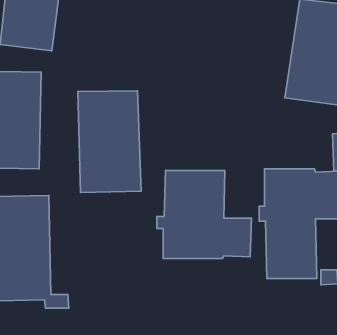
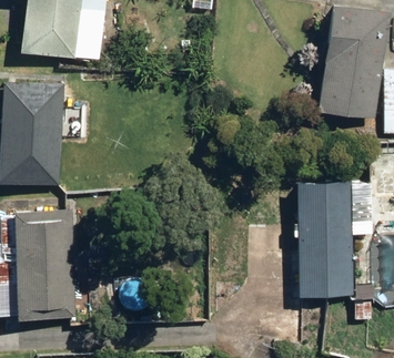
building: [78,91,141,193] -> none
building: [157,170,252,258] -> none

